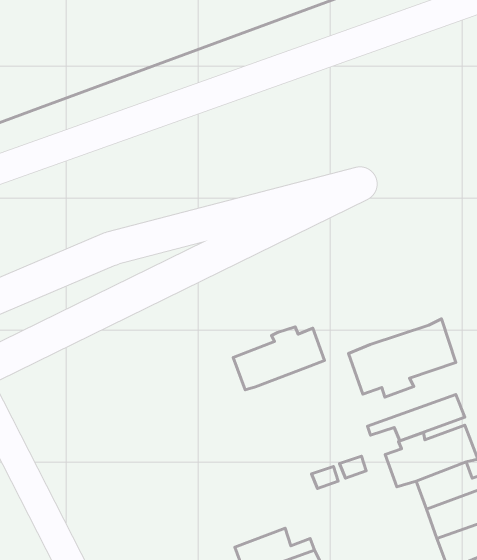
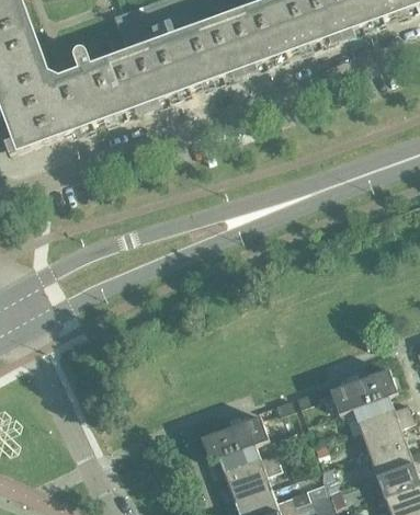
building: [349,319,456,397] -> none
building: [233,327,325,390] -> [201,413,269,460]
building: [367,394,465,441] -> none

